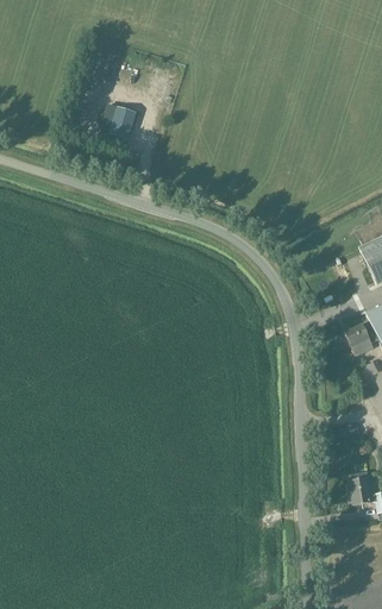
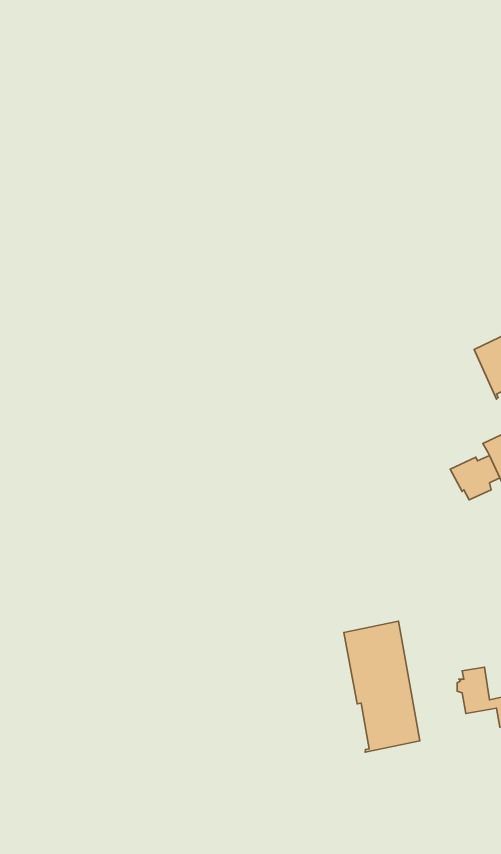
building: [109,106,138,139] -> none
building: none -> [344,621,420,752]

